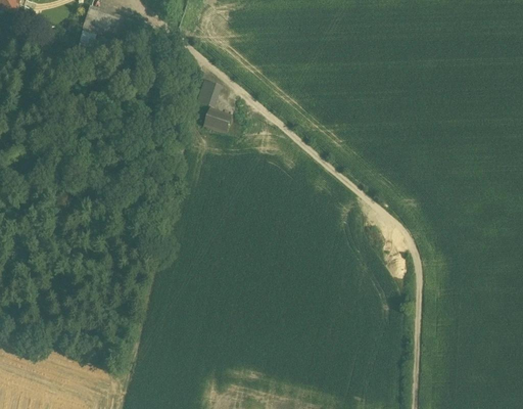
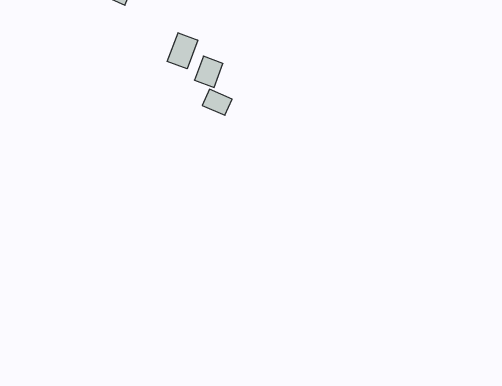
building: none -> [167,33,198,69]

